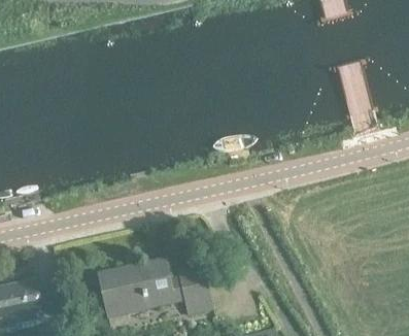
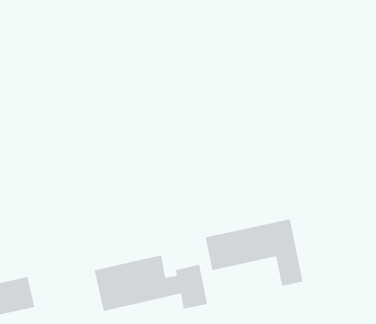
building: none -> [205,218,303,286]

